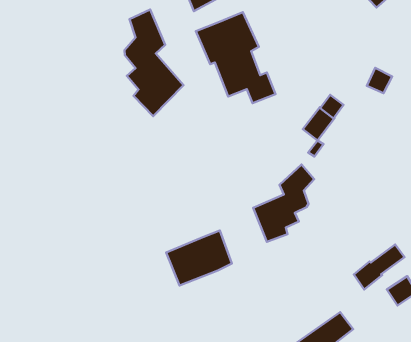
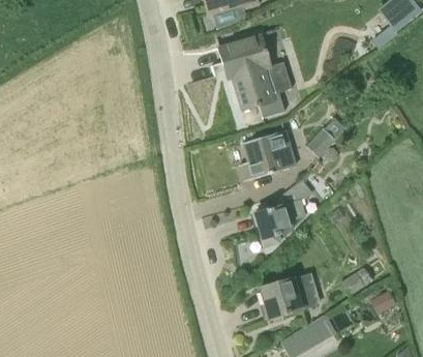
building: [124,10,183,116] -> none
building: none -> [240,130,296,180]
building: [166,231,232,285] -> [260,272,319,319]

